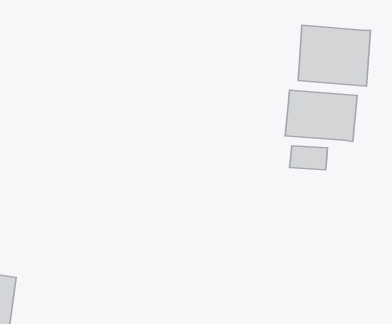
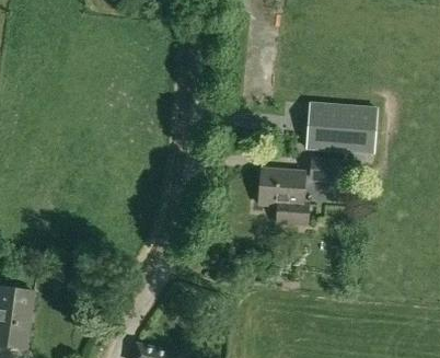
building: [298,25,370,86] -> none
building: none -> [259,168,311,223]

